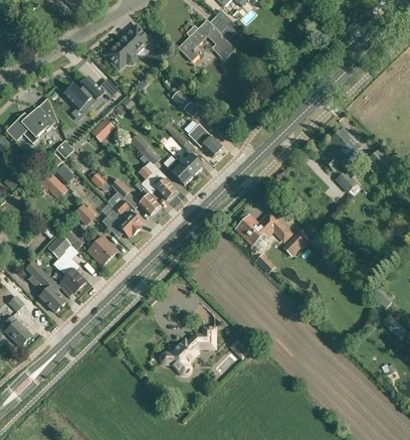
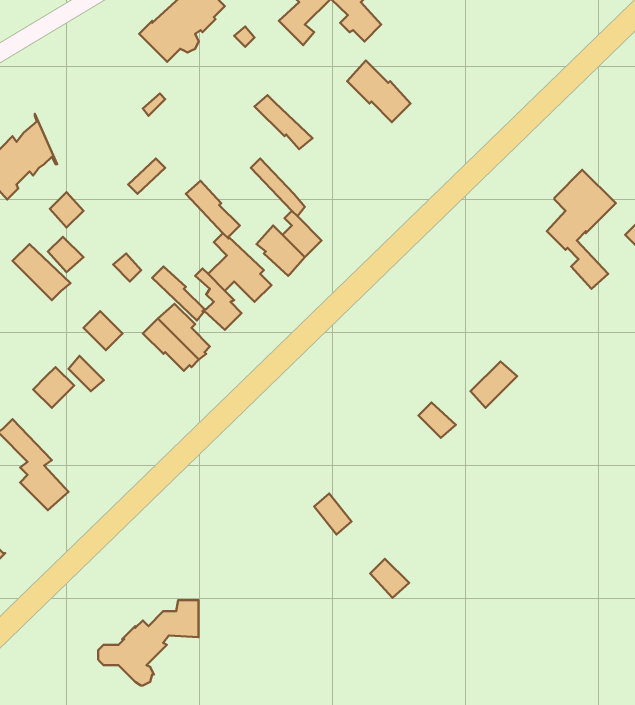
building: [63,77,104,113] -> none
building: [188,124,222,157] -> [347,61,411,122]
building: [235,212,290,245] -> none
building: [87,236,117,265] -> none
building: [54,253,84,293] -> none
building: [160,328,214,375] -> [98,600,199,686]

